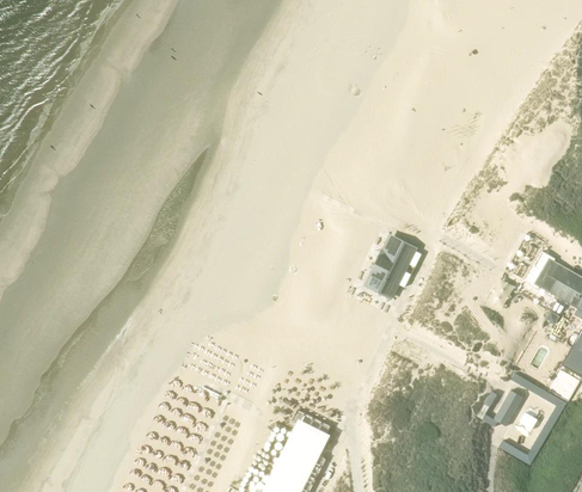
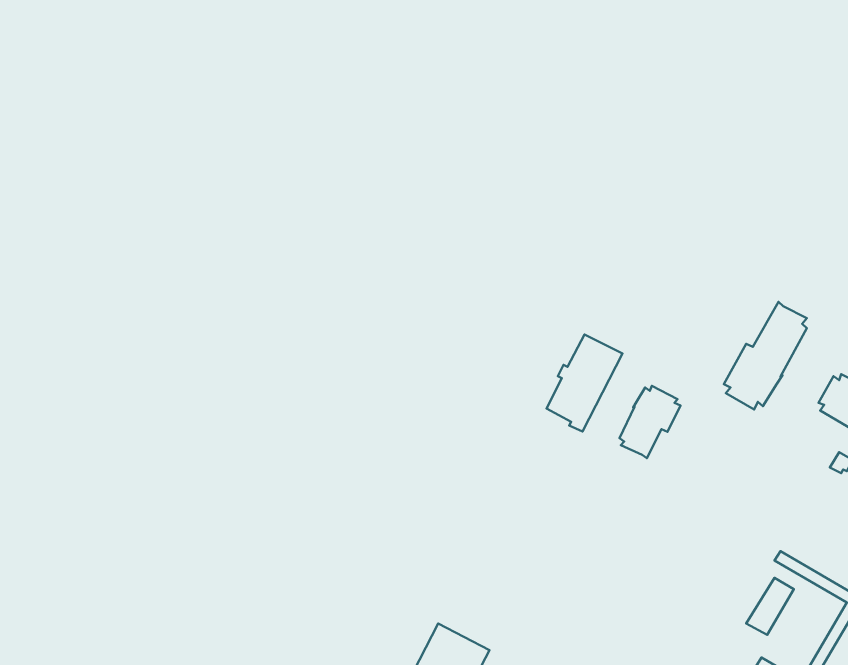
building: none -> [724,302,807,409]
building: none -> [620,386,680,458]

